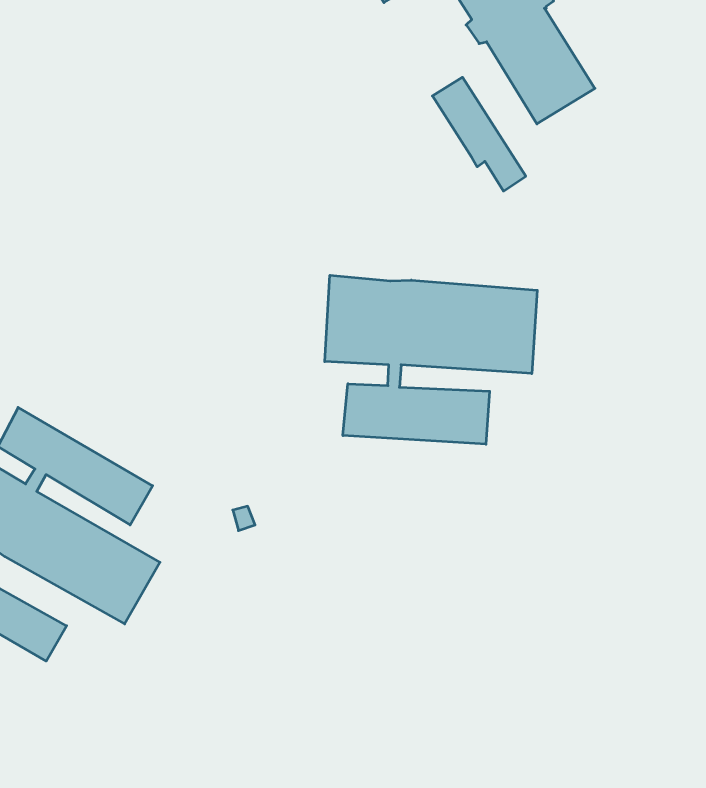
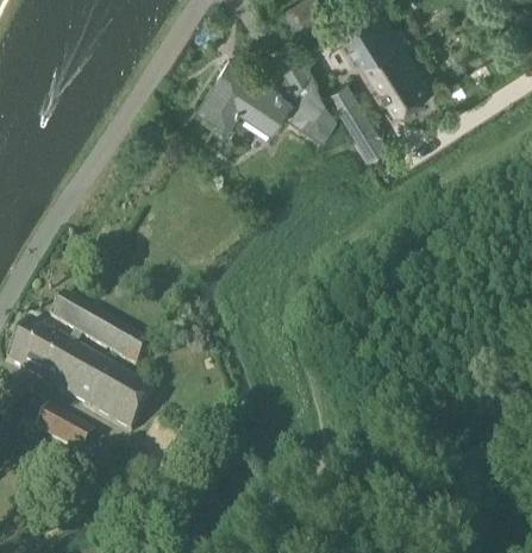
building: none -> [198,48,332,138]
building: [325,275,537,444] -> none

